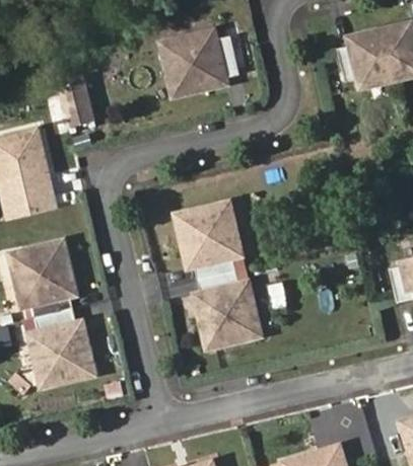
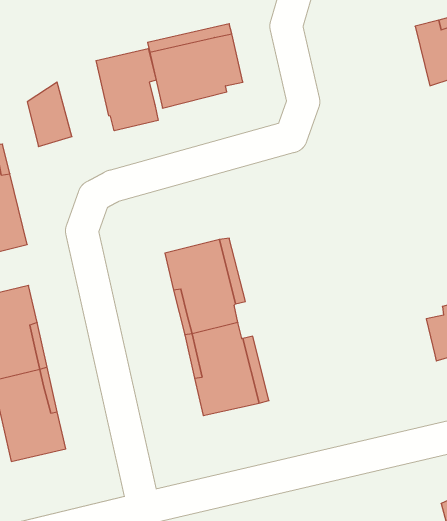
building: [350,30,390,86] -> none
building: none -> [96,48,158,131]

